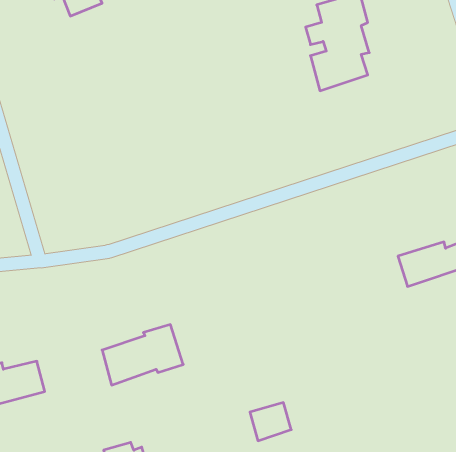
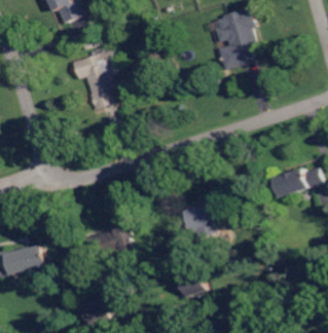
building: none -> [70,48,113,108]
building: none -> [182,194,225,238]

